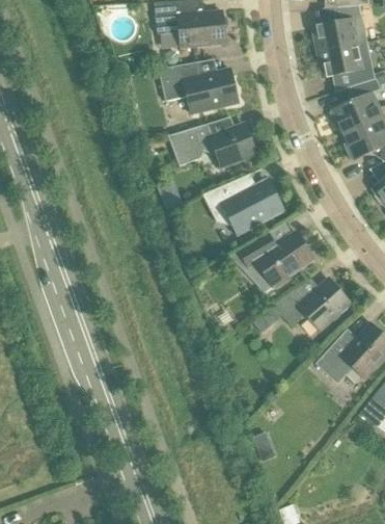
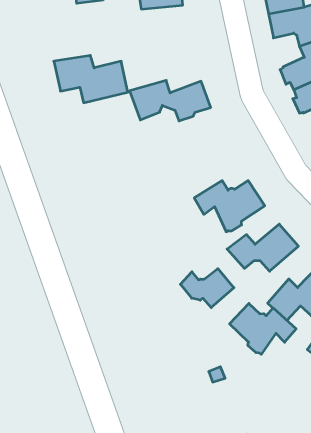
building: [159,62,239,113] -> [54,55,128,103]
building: [203,174,283,229] -> none
building: none -> [180,269,234,308]
building: none -> [230,303,296,354]

